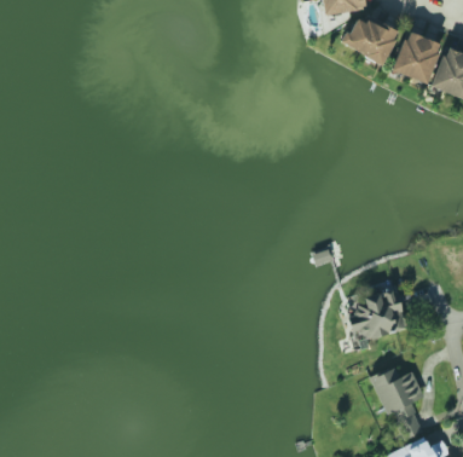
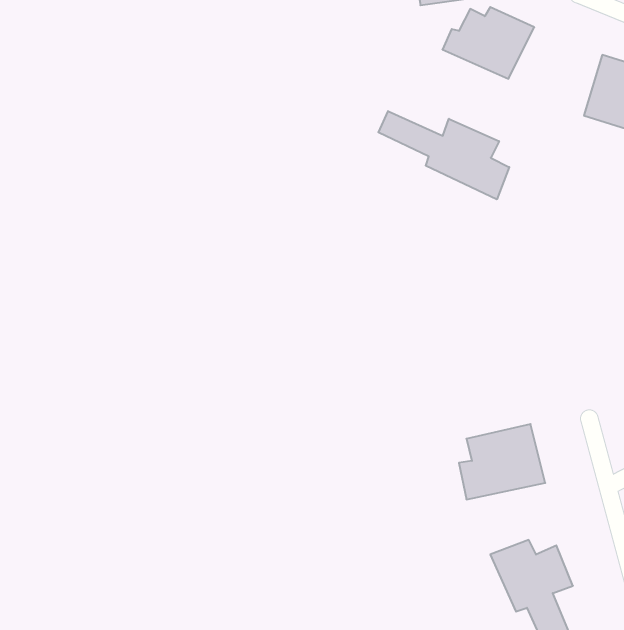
building: [392,30,442,85] -> none
building: none -> [378,111,509,199]

